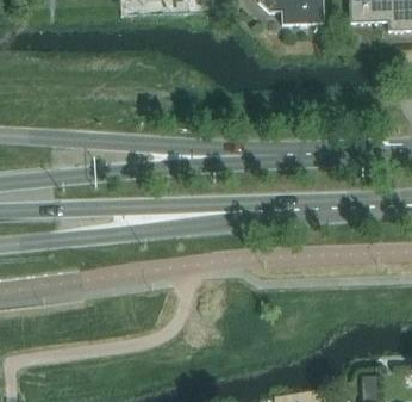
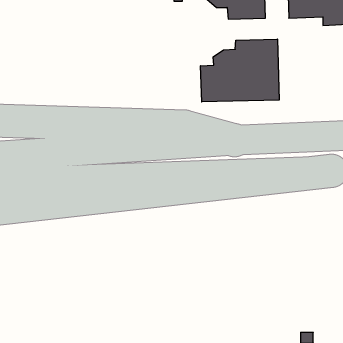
building: none -> [201,39,279,102]

